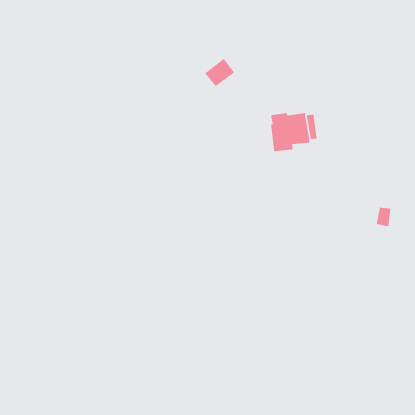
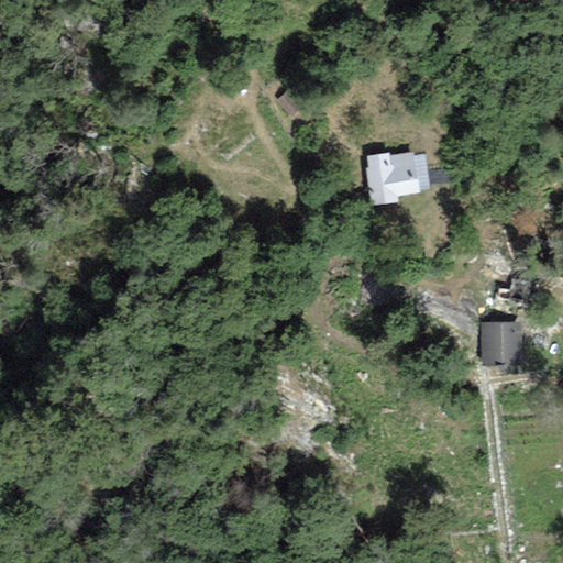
building: none -> [483,321,521,363]

